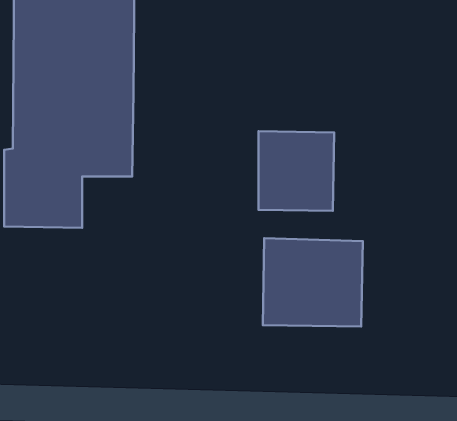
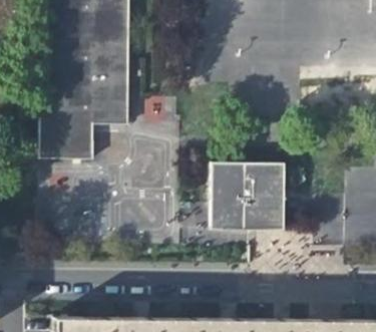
building: [258,131,334,211] -> none

